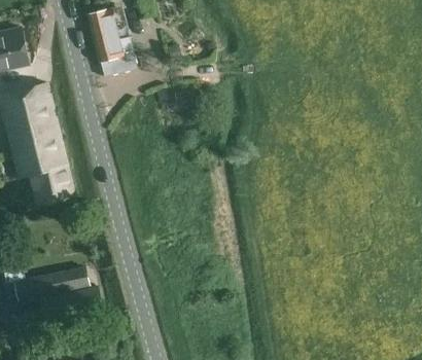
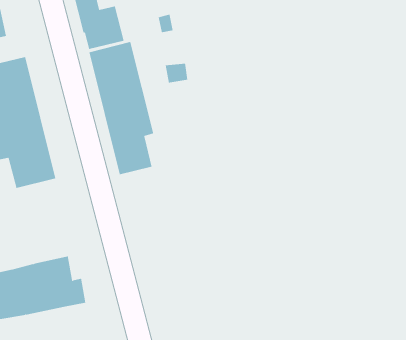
building: none -> [89,41,154,175]

